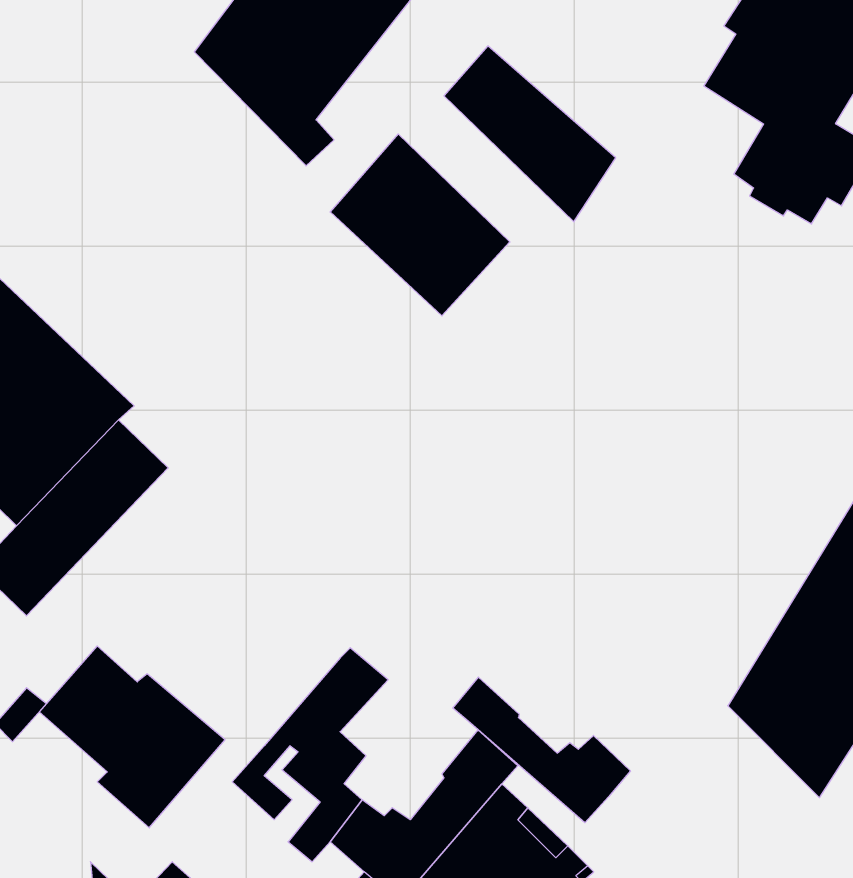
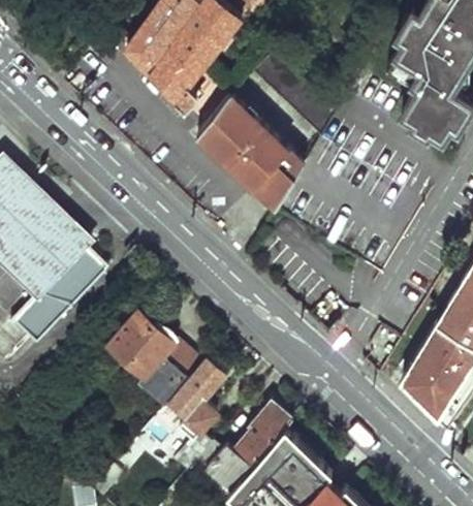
building: none -> [252,150,303,209]
building: [39,646,225,828] -> [103,316,199,410]
building: [453,677,630,823] -> none

